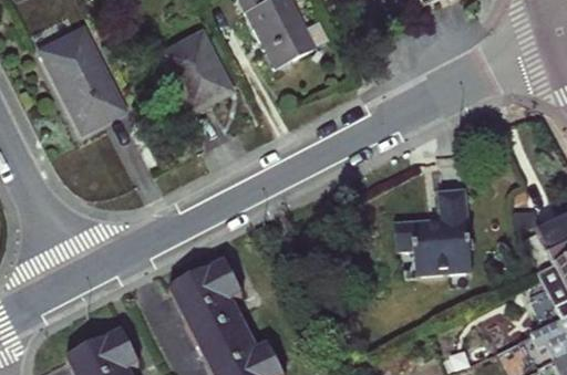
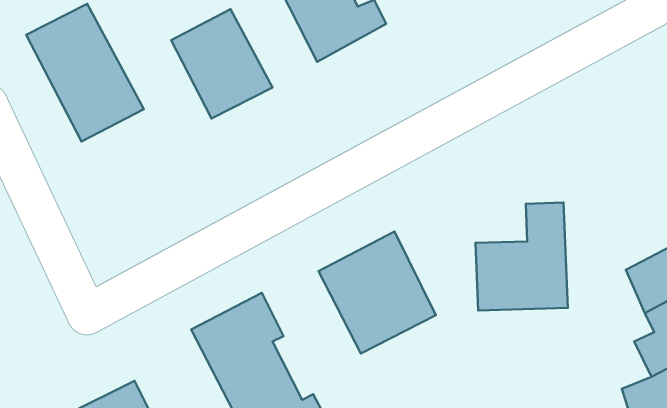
building: none -> [318,232,436,353]

